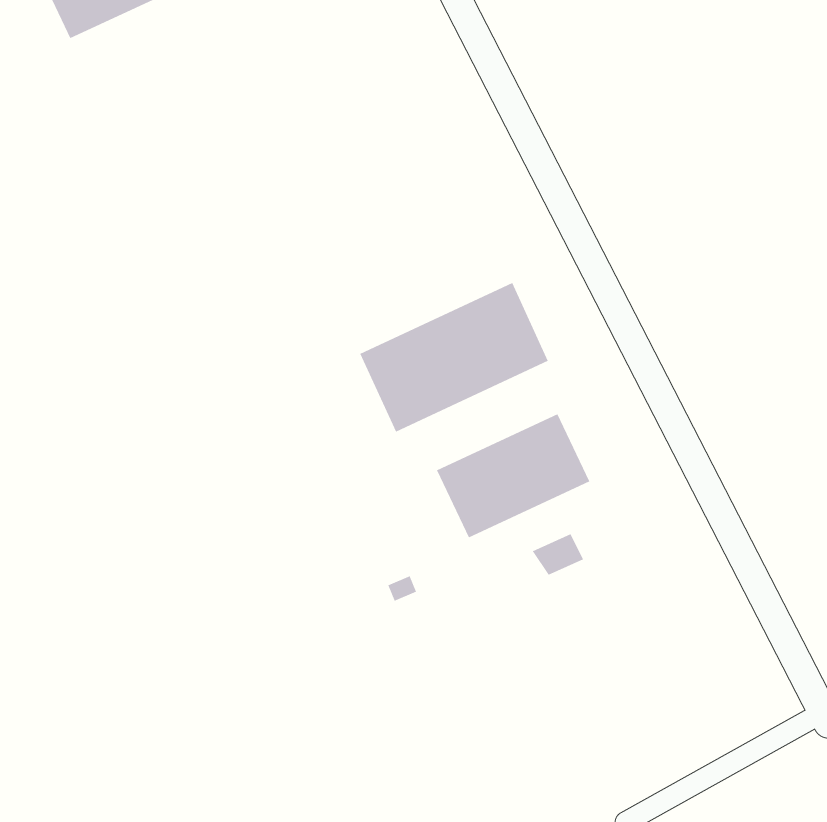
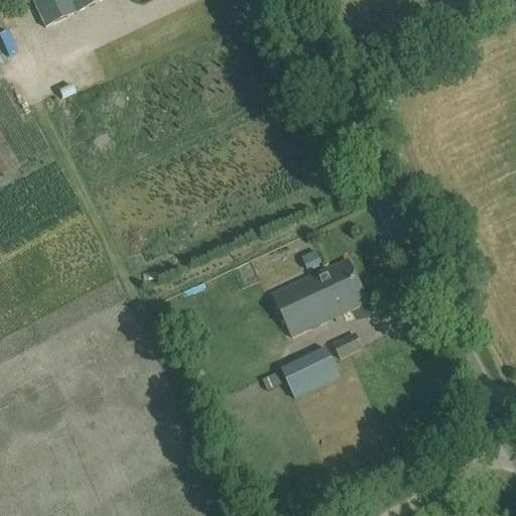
building: [360,282,548,433] -> none
building: none -> [281,347,341,397]

